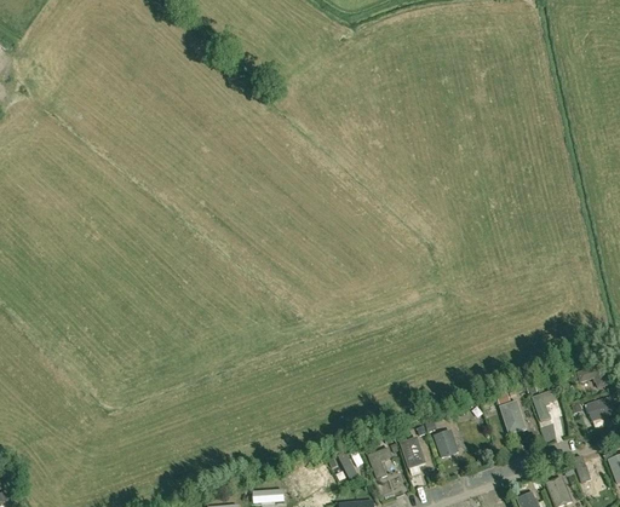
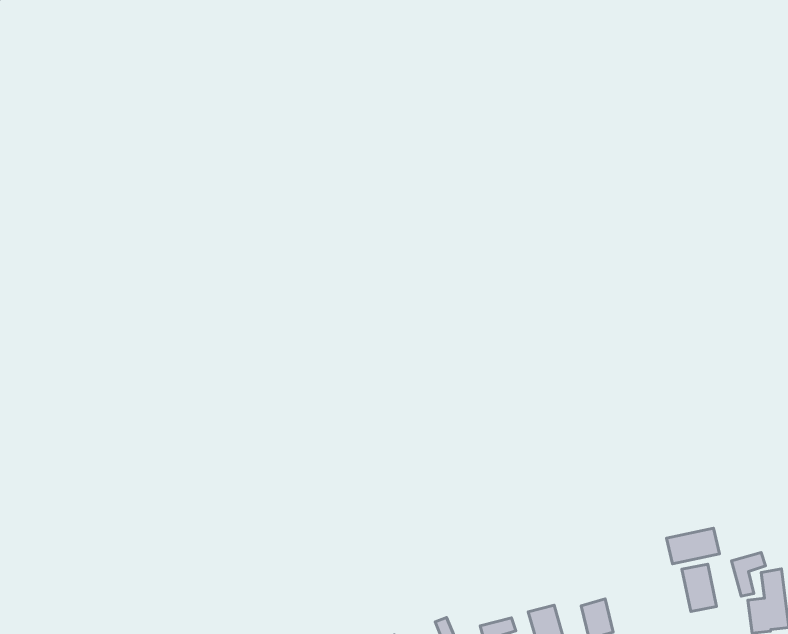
building: none -> [667,528,719,564]

